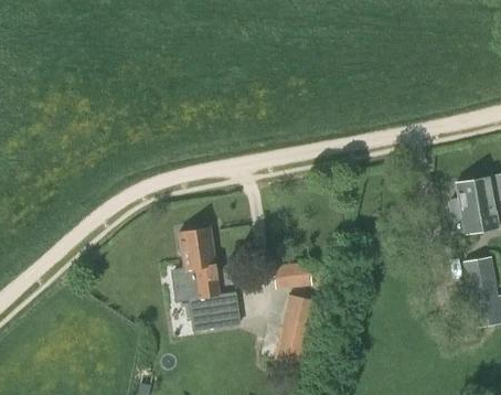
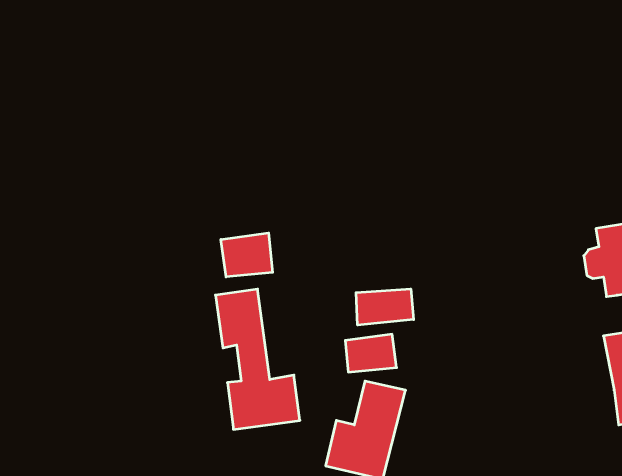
building: none -> [221,233,273,277]
building: none -> [356,289,414,325]

